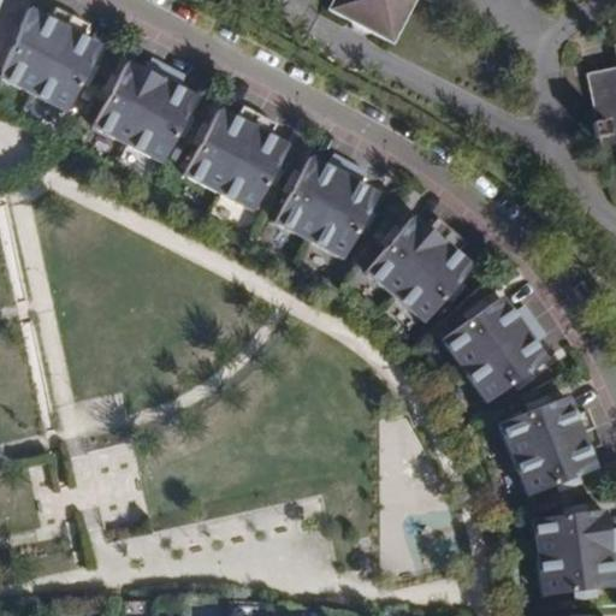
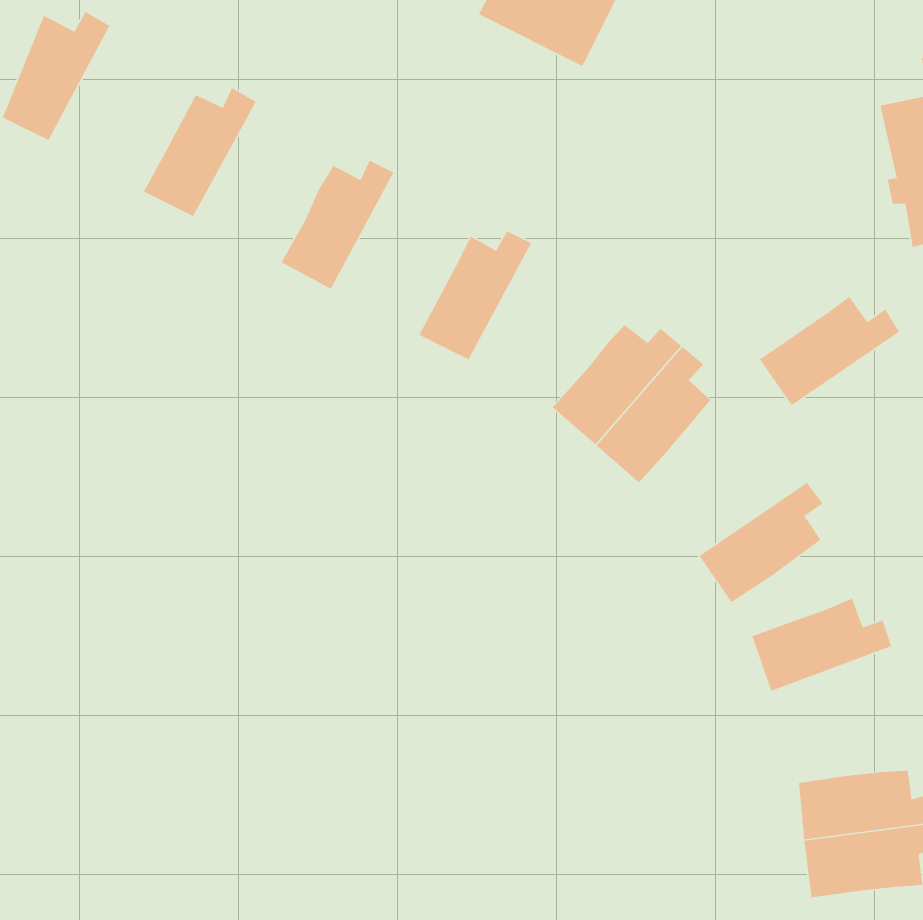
building: [34,17,101,112] -> none
building: [130,67,199,162] -> none
building: [221,114,290,209] -> none
building: [313,161,381,257] -> none
building: [444,296,538,369] -> [759,296,900,406]
building: [514,430,602,496] -> none

